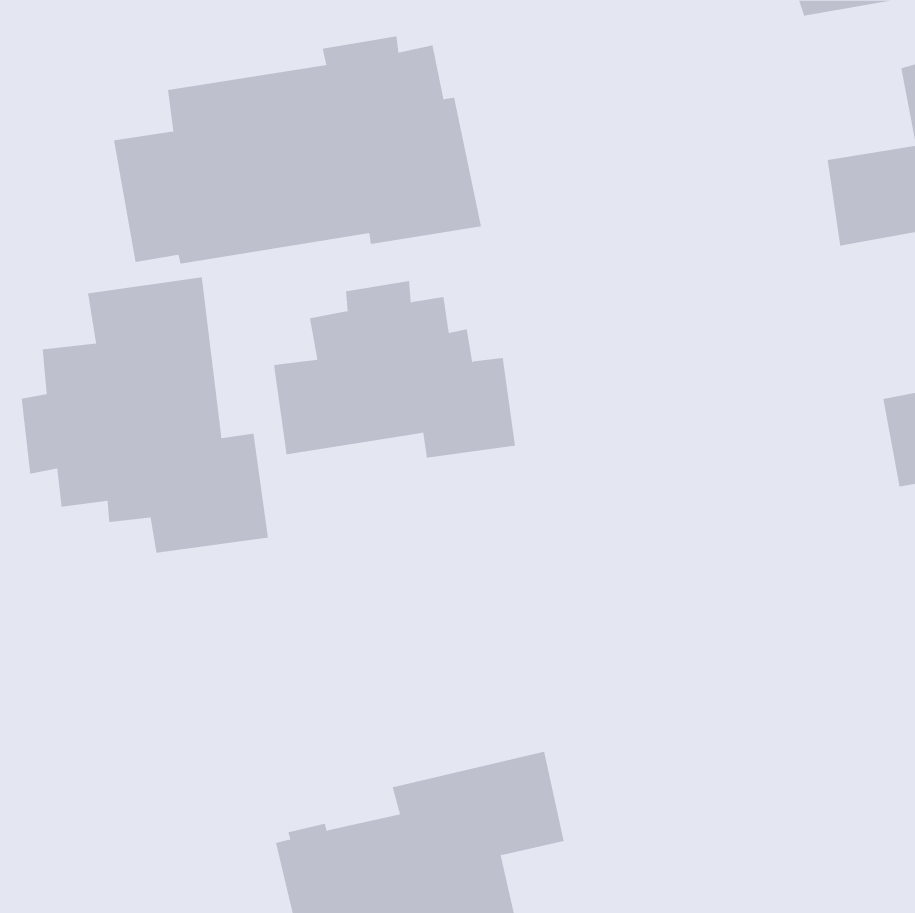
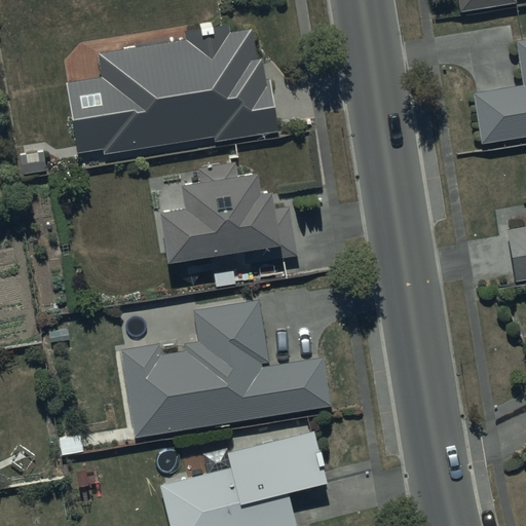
building: [21,277,269,554] -> none
building: none -> [121,302,330,439]

